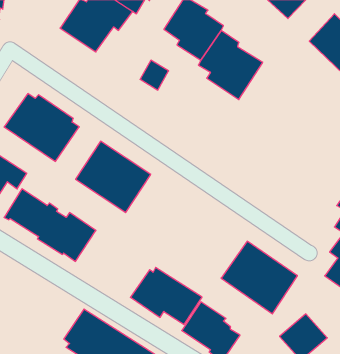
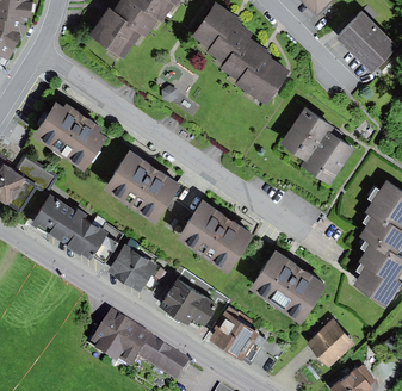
building: none -> [279,103,354,181]
building: none -> [175,197,252,268]
building: none -> [106,242,165,292]

